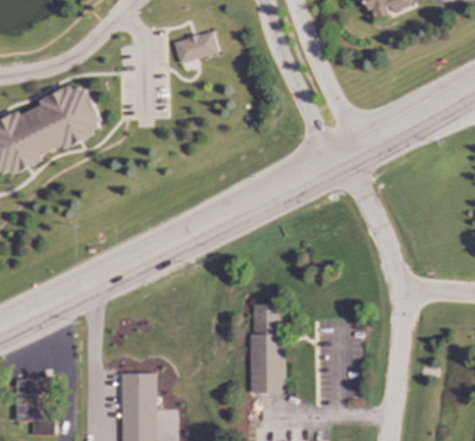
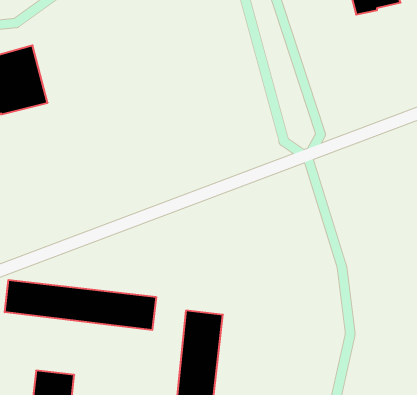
building: [173,31,219,63] -> none
building: none -> [5,280,156,330]

